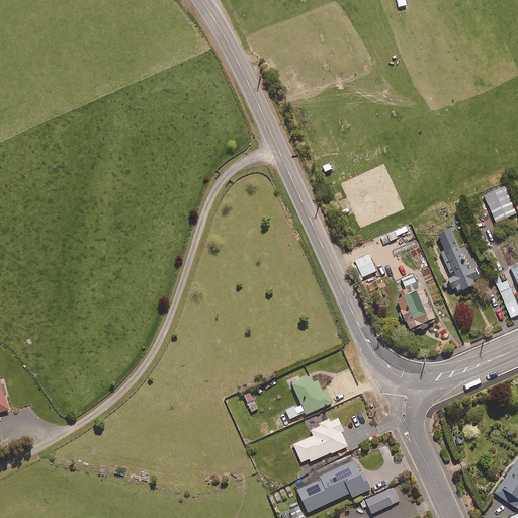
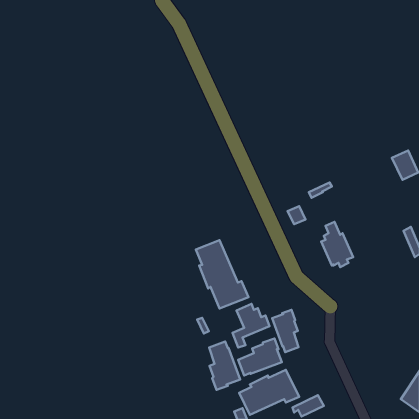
building: [439,229,480,292] -> none
building: none -> [196,240,249,309]
building: none -> [272,310,298,352]
building: none -> [209,342,240,390]

